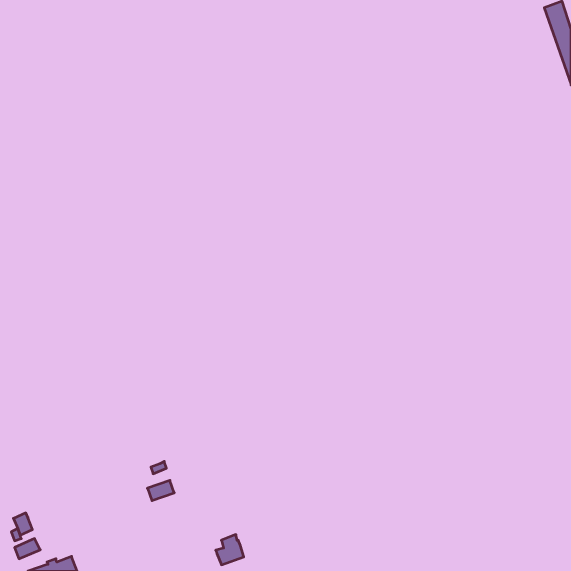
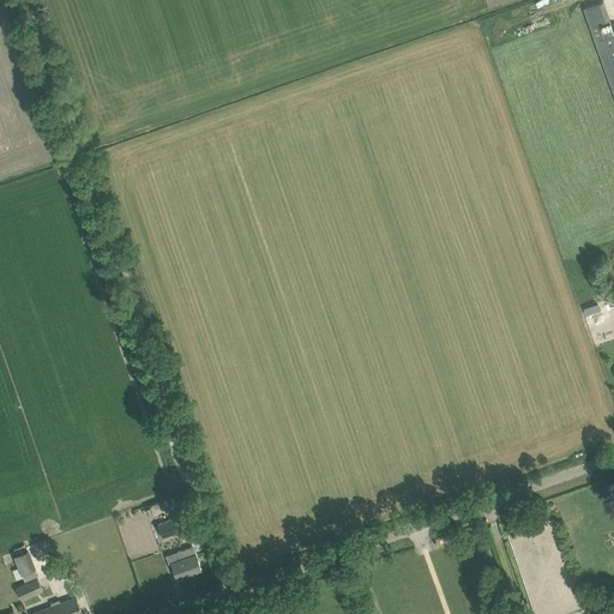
building: [216,535,244,565] -> [171,546,201,578]

